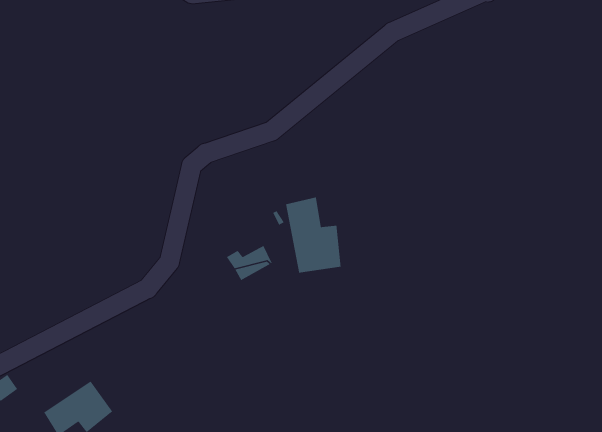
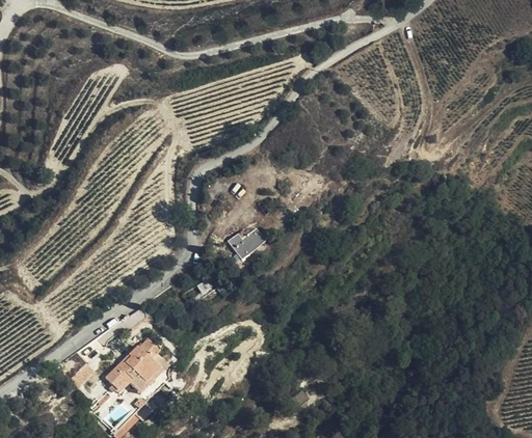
building: [285,197,341,274] -> none

